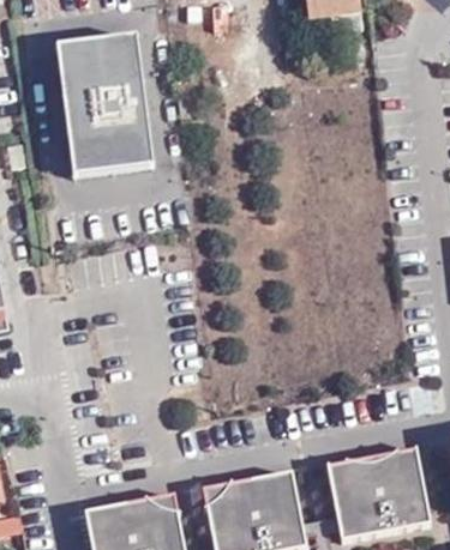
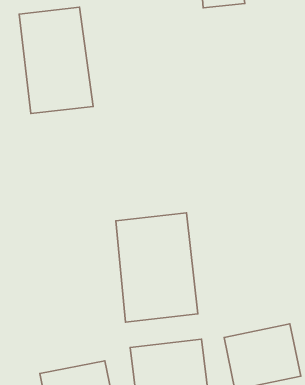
building: none -> [116,213,198,322]

